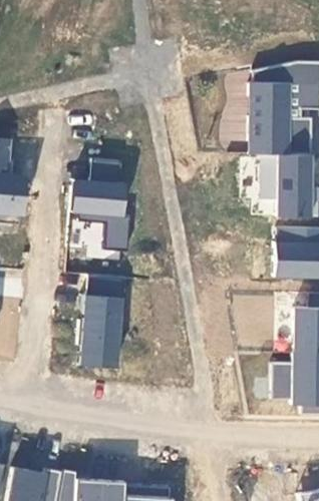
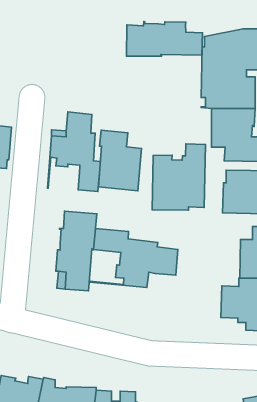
building: none -> [126,22,202,56]
building: none -> [98,130,141,191]
building: none -> [152,144,206,210]
building: none -> [90,229,178,288]

